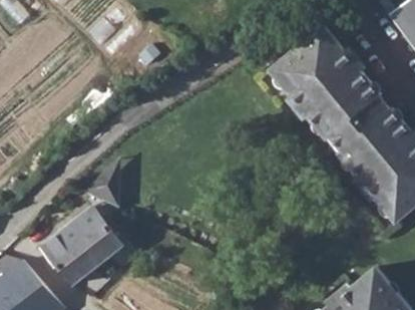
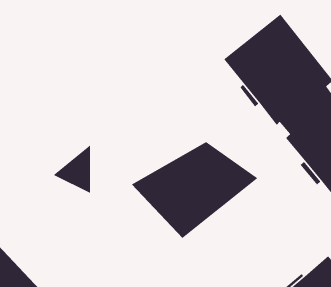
building: none -> [131,141,258,239]
building: [43,207,123,285] -> none

